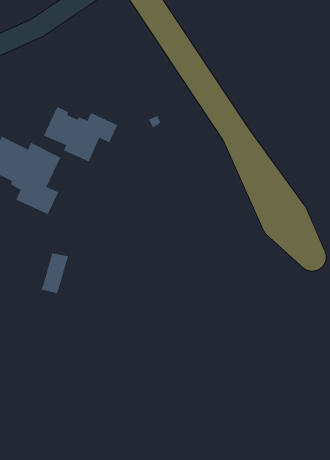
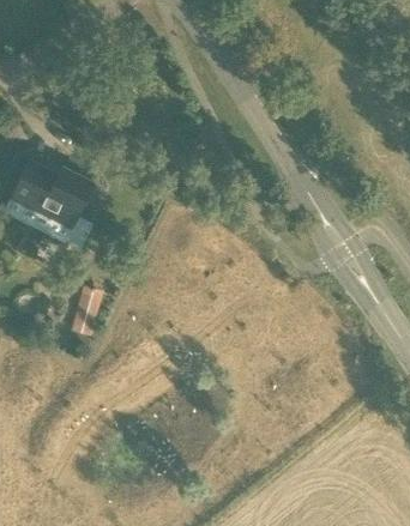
building: [43,106,118,162] -> none

